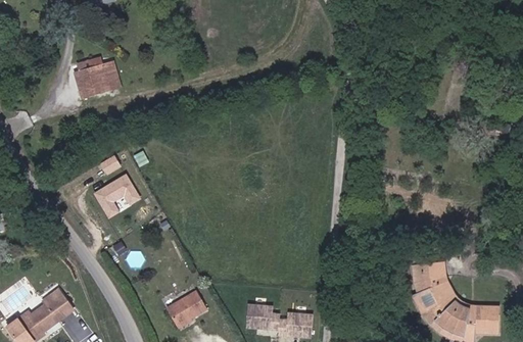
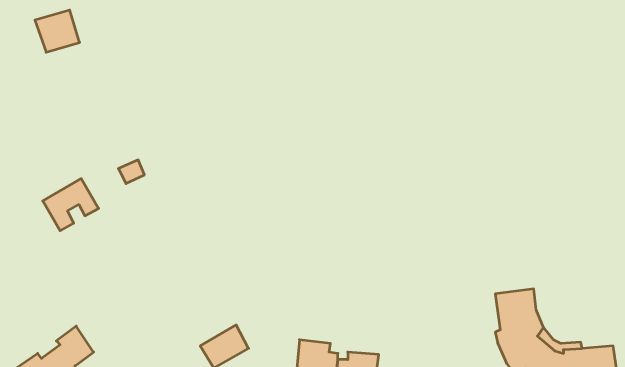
building: [76,63,112,98] -> [35,10,80,52]
building: [93,174,139,216] -> [43,179,99,231]

